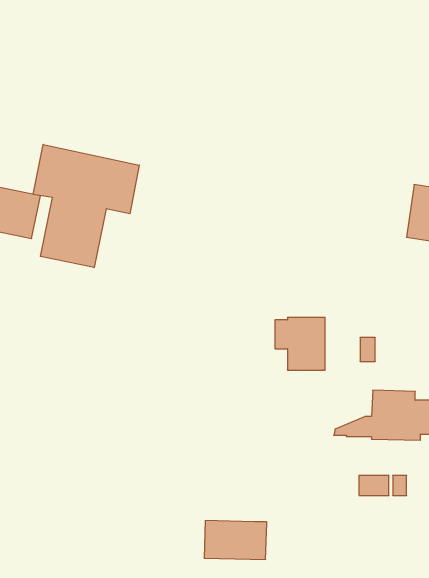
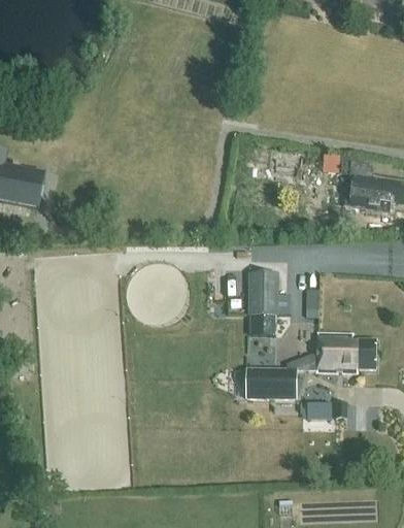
building: [33,144,139,268] -> none
building: none -> [248,315,276,335]
building: [204,521,267,559] -> [244,367,296,399]

